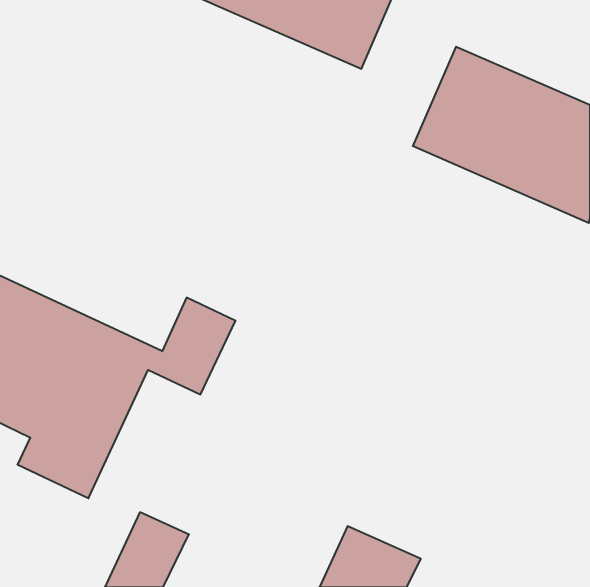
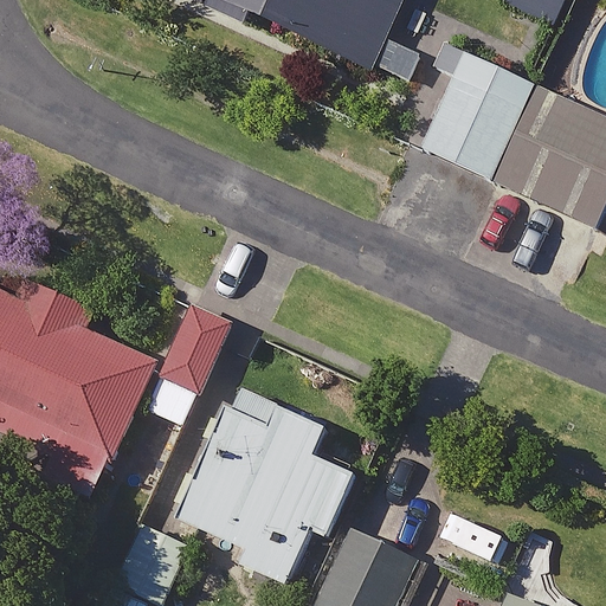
building: none -> [169,385,356,588]

